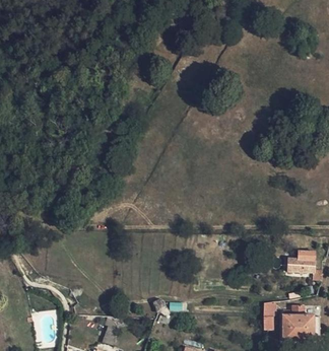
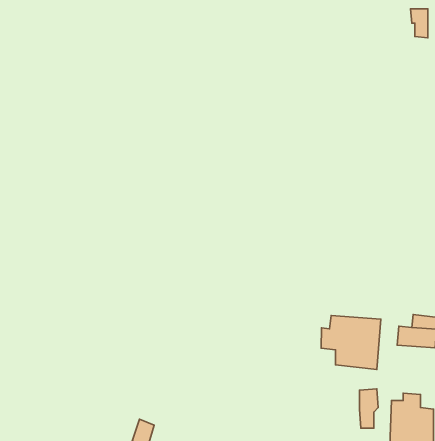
building: none -> [321,315,381,370]

